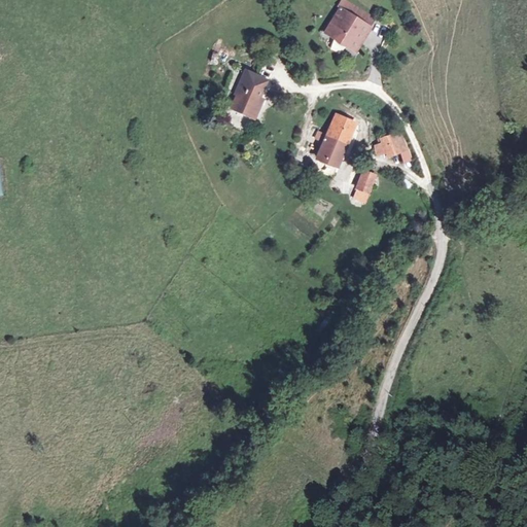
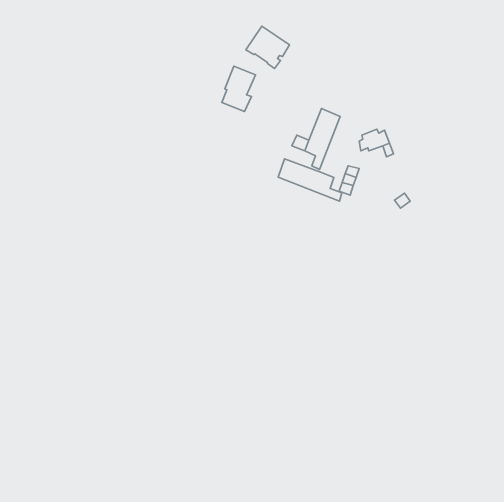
building: [324,7,370,51] -> [246,26,289,68]
building: none -> [278,159,342,201]

